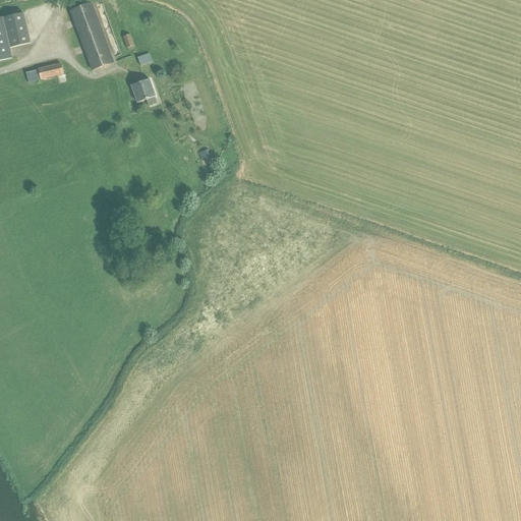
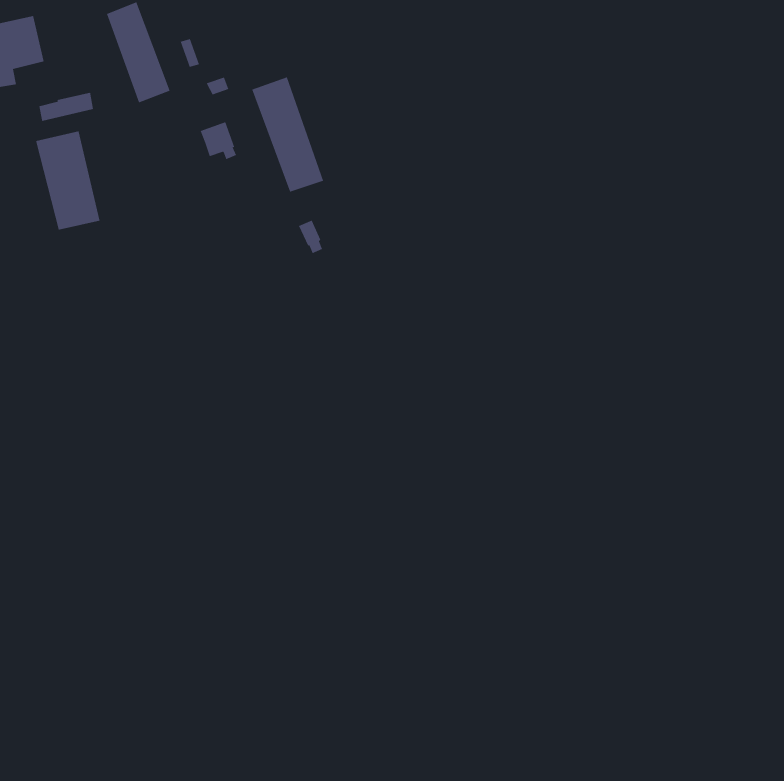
building: none -> [251,77,324,193]
building: none -> [35,130,100,231]

